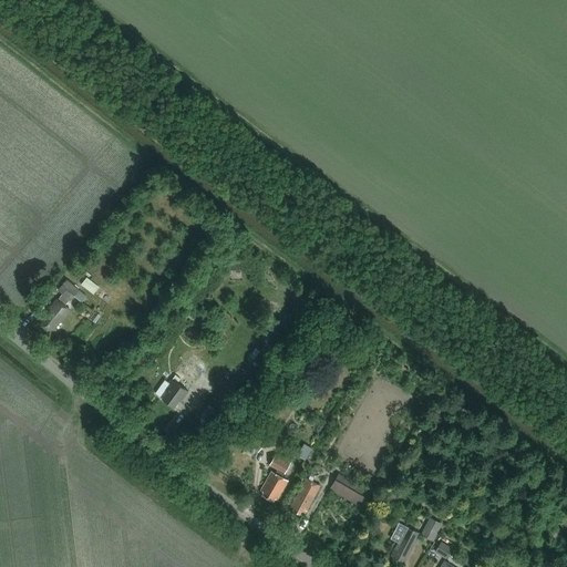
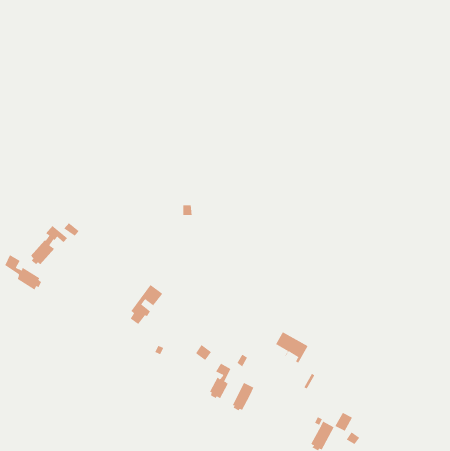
building: none -> [4,254,42,290]
building: [326,474,370,514] -> [273,332,308,363]

